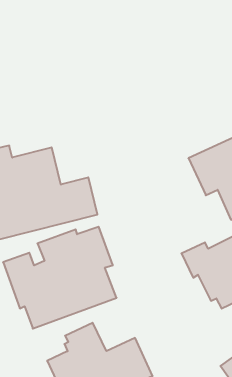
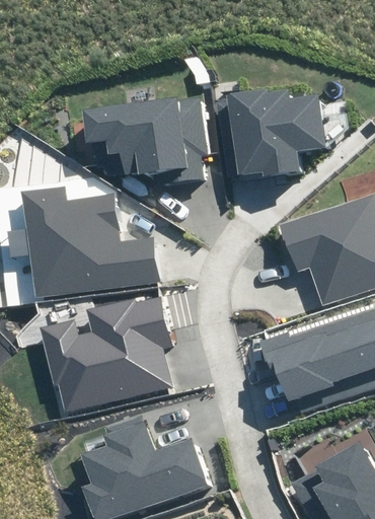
building: none -> [225,87,325,176]
building: none -> [82,95,208,184]

